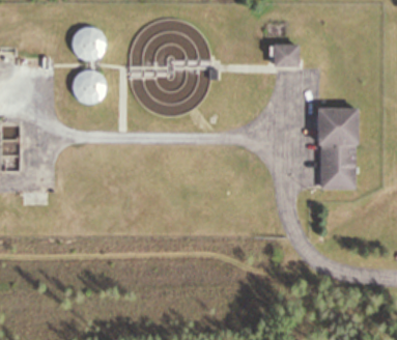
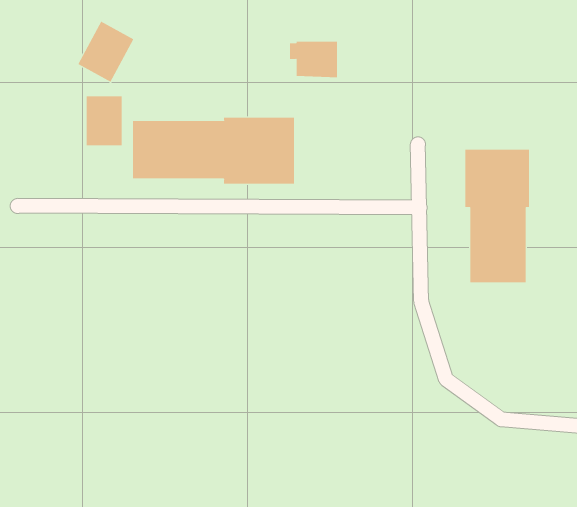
building: [267,45,297,67] -> [289,41,338,78]
building: none -> [133,117,294,184]

